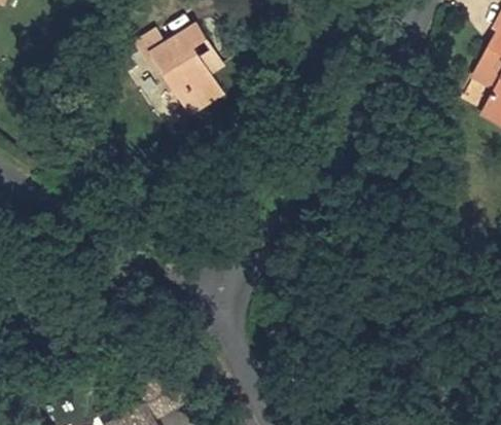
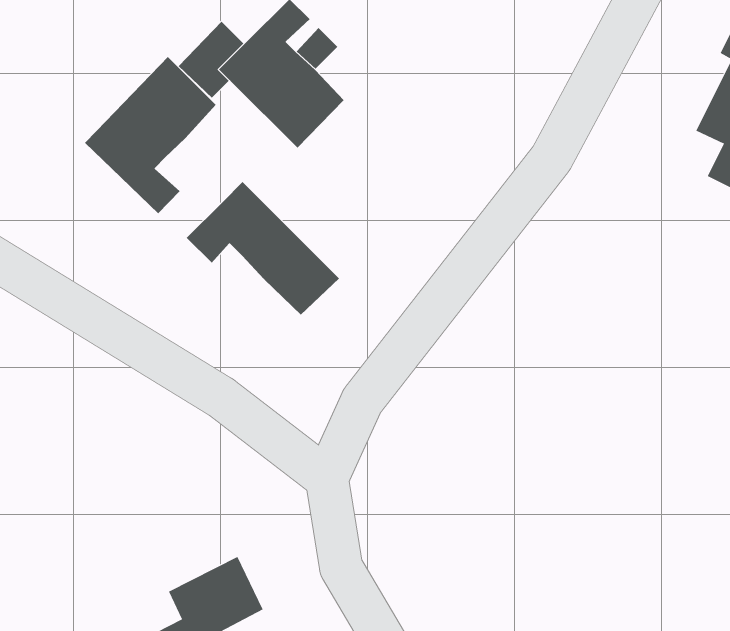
building: none -> [84,56,217,214]
building: none -> [186,181,340,315]

